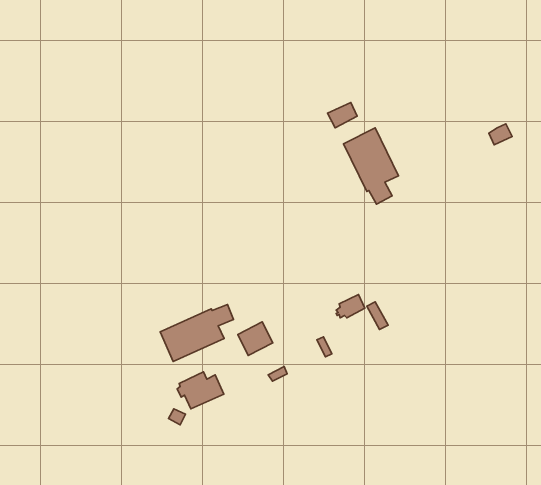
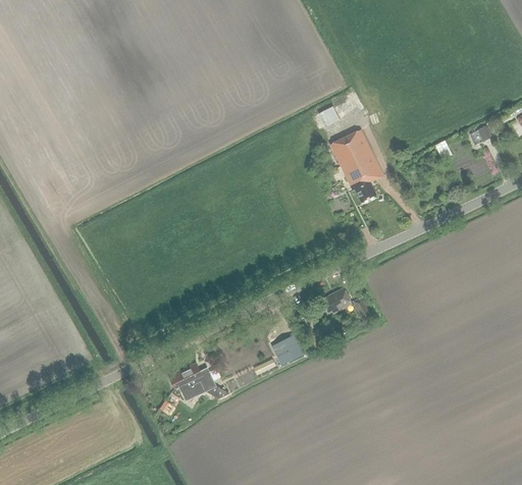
building: [160,304,234,362] -> none
building: [238,322,273,356] -> [272,333,306,366]

